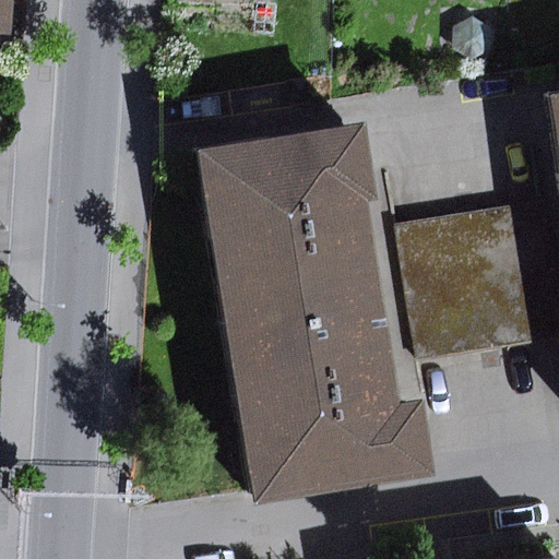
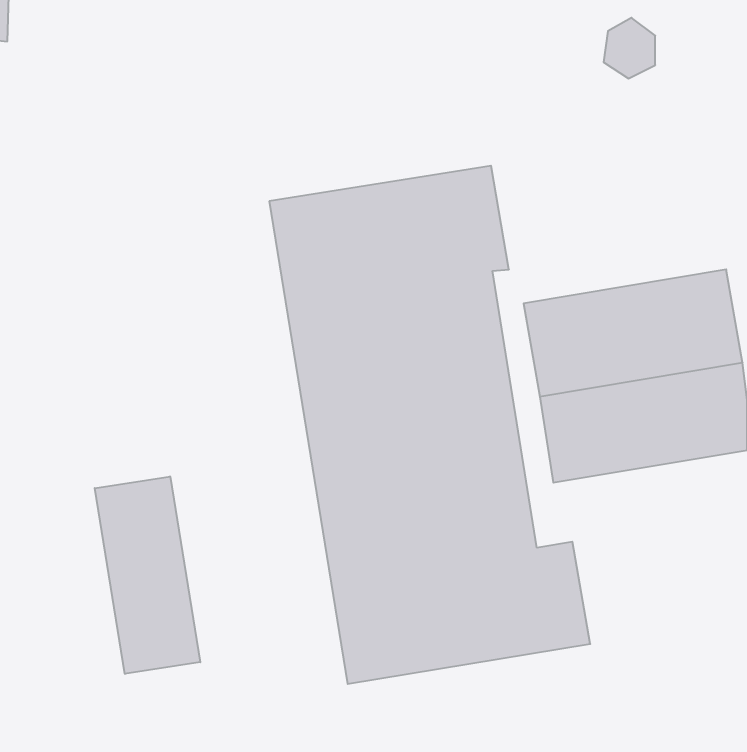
building: none -> [95,476,200,674]

